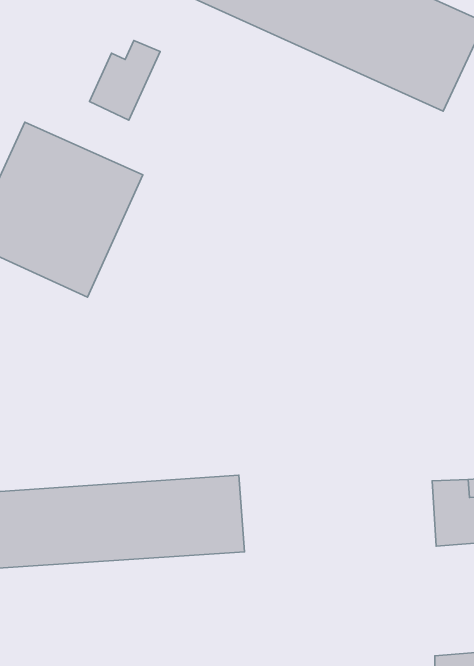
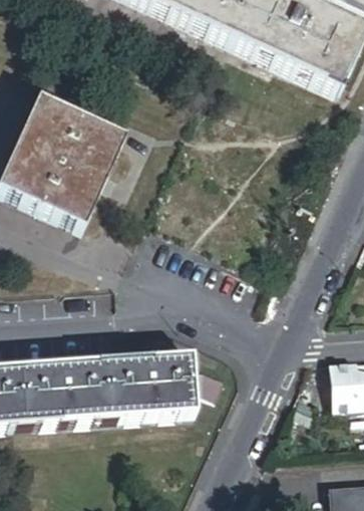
building: [90,41,160,120] -> none

